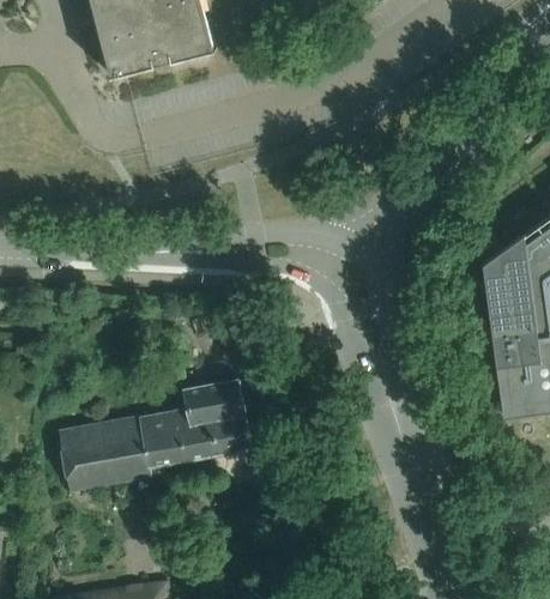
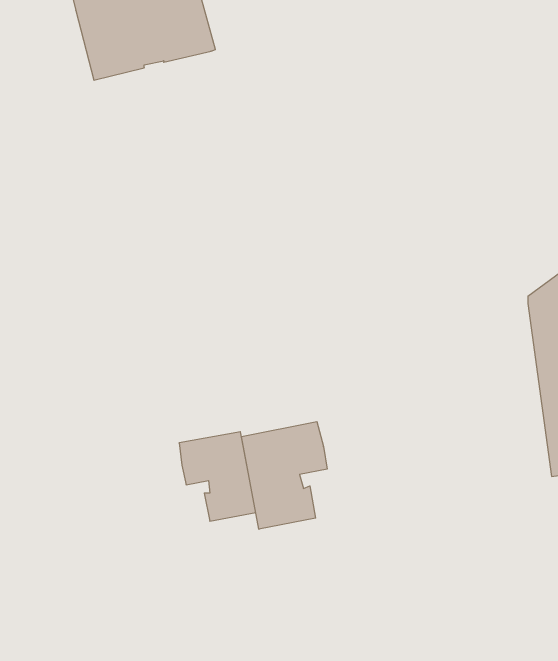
building: none -> [241,422,327,529]
building: [59,407,211,491] -> none

